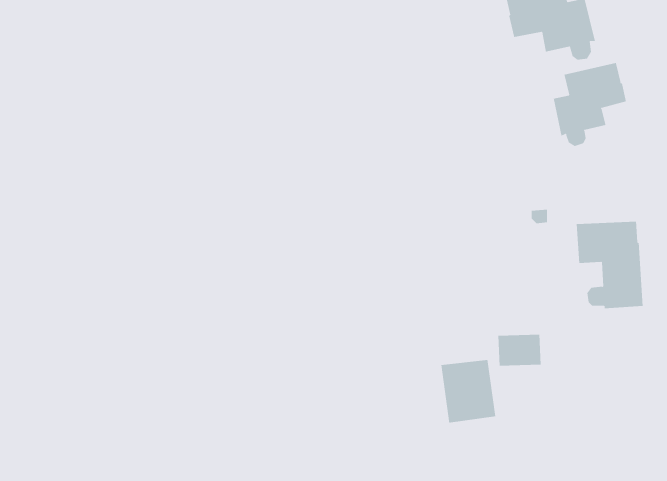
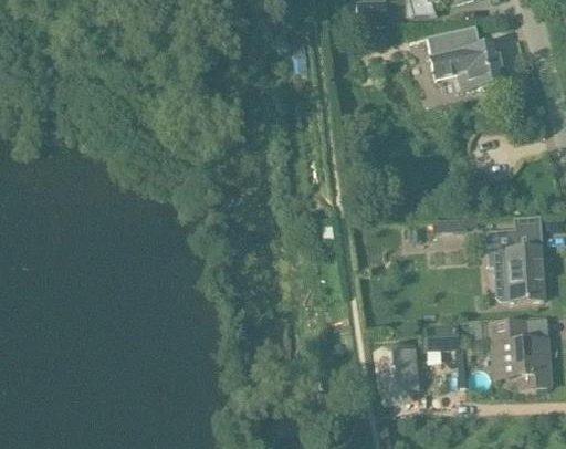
building: [553,62,626,147] -> none
building: none -> [491,319,551,387]

